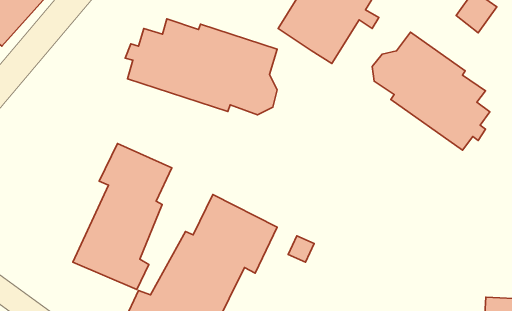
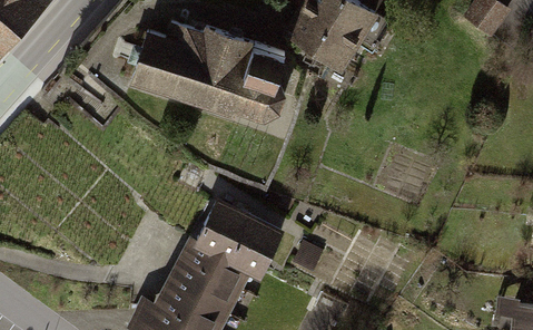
building: [372,32,490,150] -> none
building: [73,144,172,289] -> none

